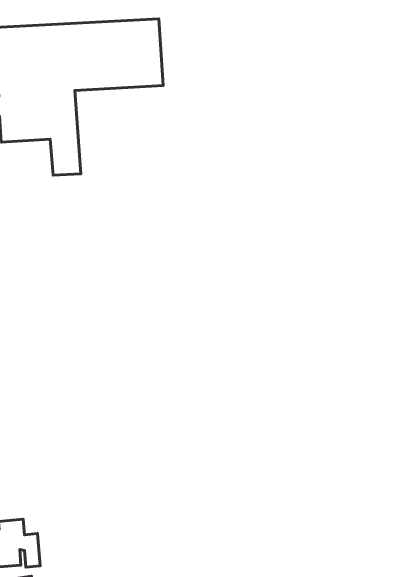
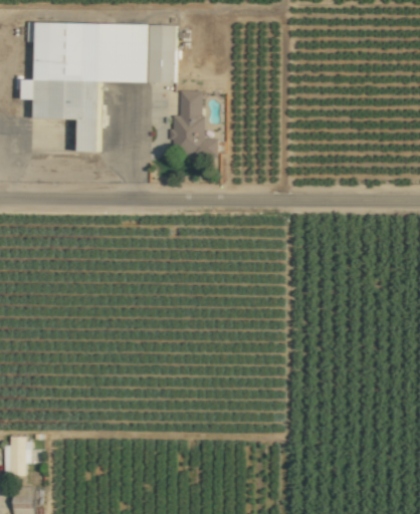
building: none -> [169,89,214,154]

